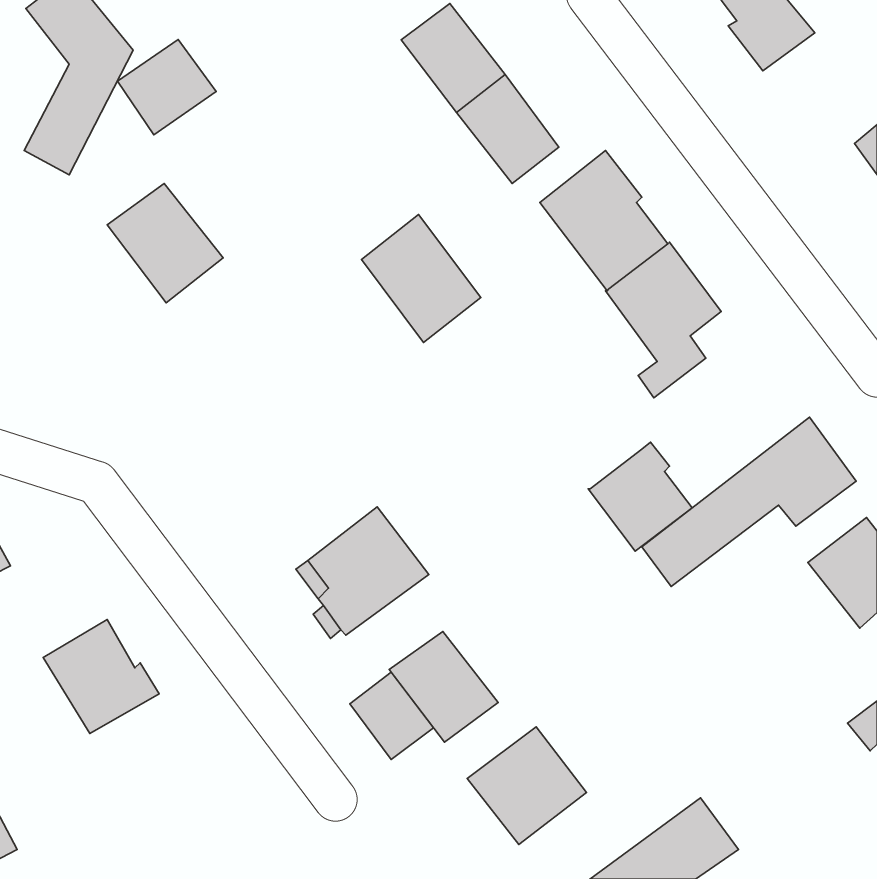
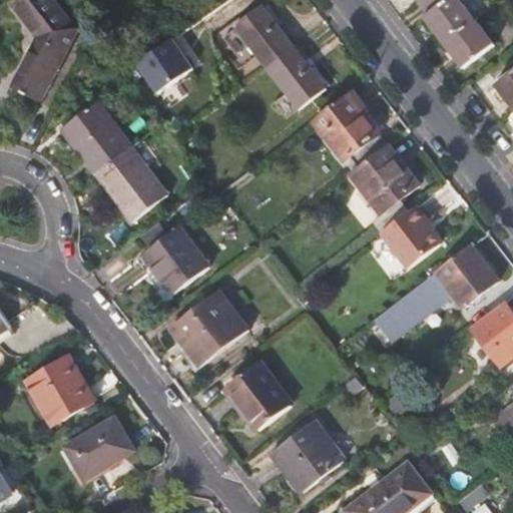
building: none -> [442,19,491,67]
building: [118,40,216,135] -> [137,39,194,94]
building: [361,214,481,342] -> [96,149,165,223]
building: none -> [144,230,208,296]
building: [588,442,692,551] -> [378,203,438,267]
building: [350,672,434,759] -> none
building: none -> [65,419,132,479]

